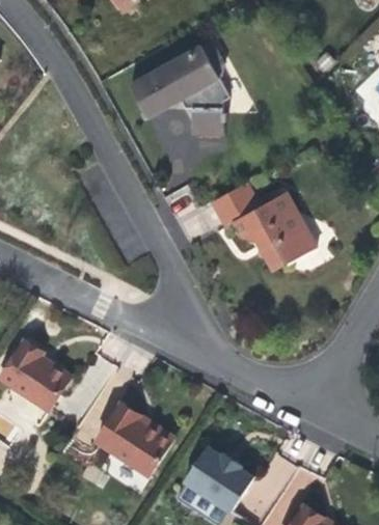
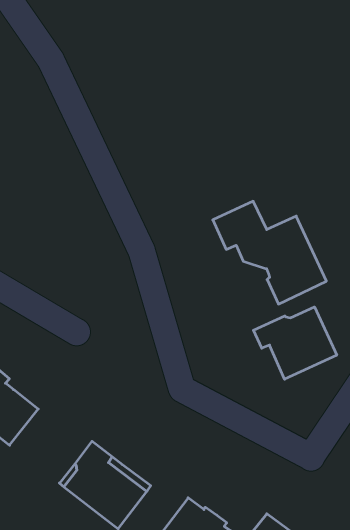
building: [129,40,228,134] -> none
building: none -> [253,307,337,379]

